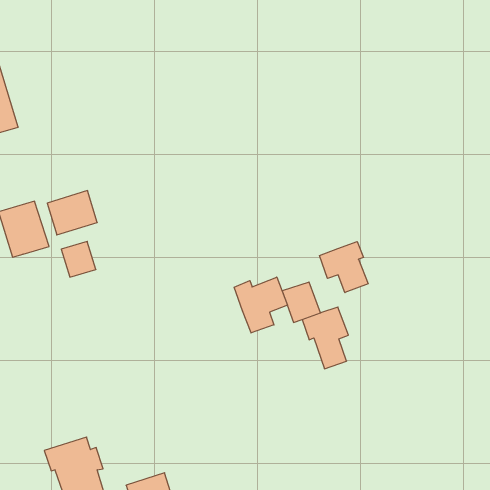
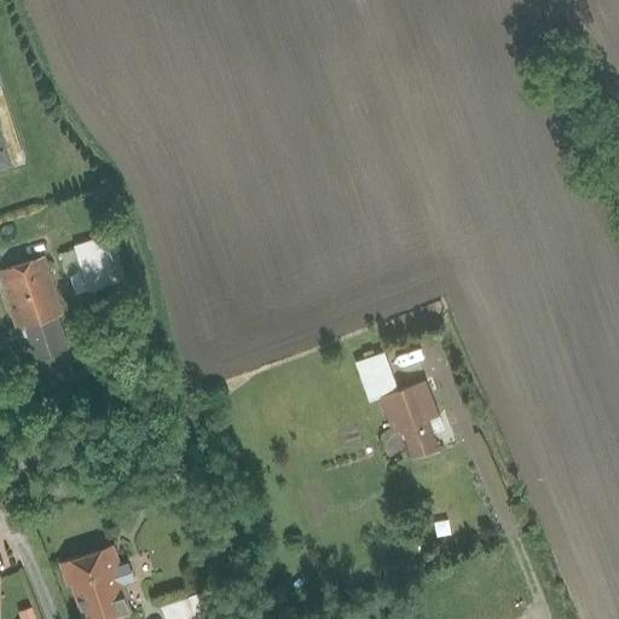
building: [61,241,96,277] -> [29,312,73,357]
building: [320,242,368,293] -> none
building: [234,277,287,333] -> none

